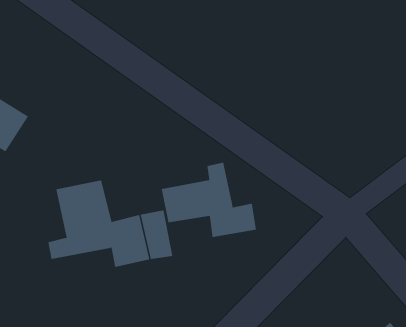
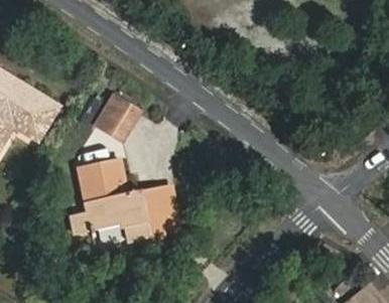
building: none -> [96,97,139,140]
building: [161,162,257,238] -> none

